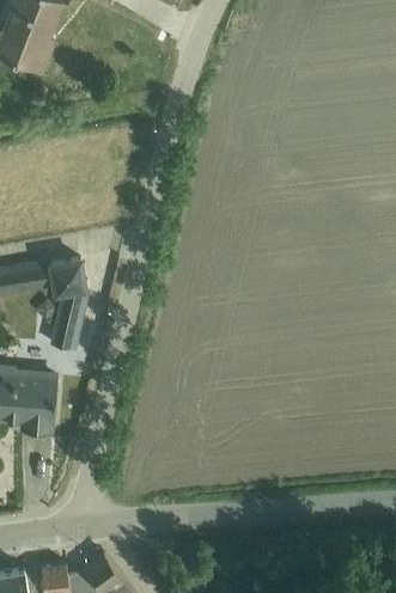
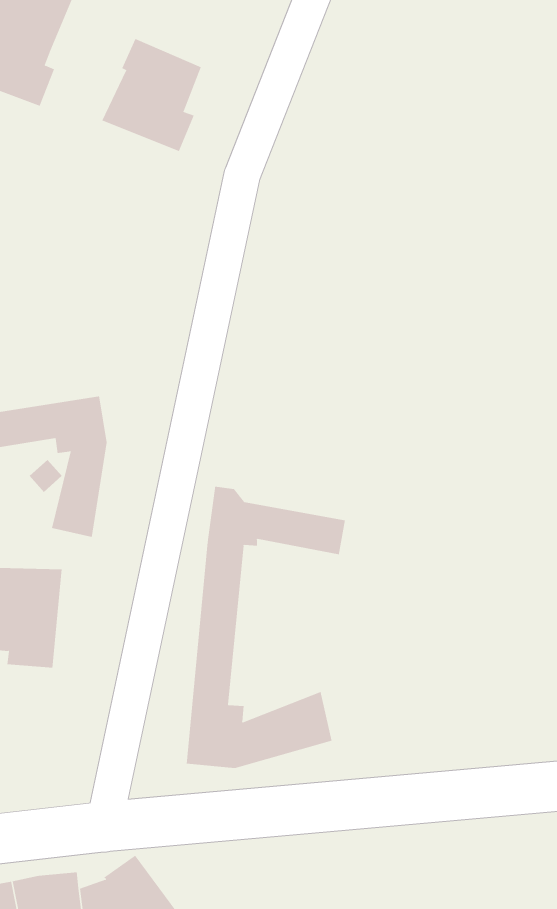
building: none -> [102,38,202,152]
building: none -> [186,486,345,769]

